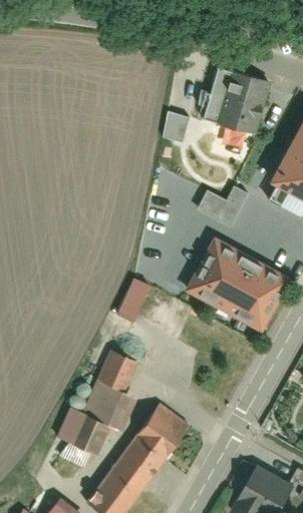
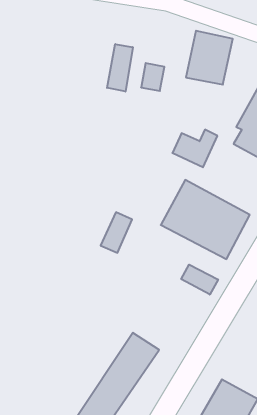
building: none -> [107,44,133,92]
building: none -> [181,265,218,295]
building: [55,355,135,461] -> none

